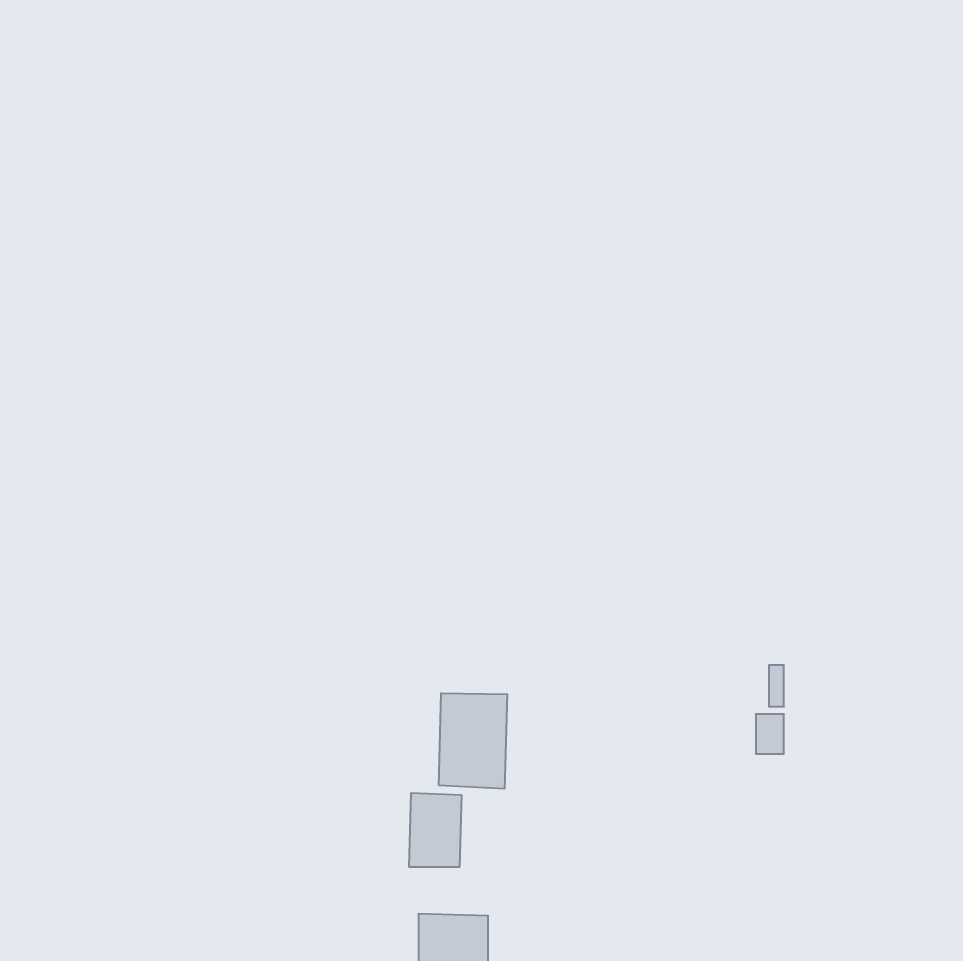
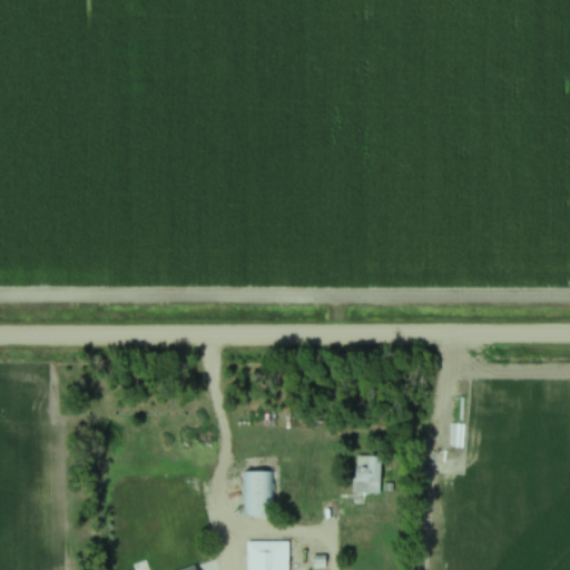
building: [439,693,507,789] -> none
building: none -> [355,458,381,494]

